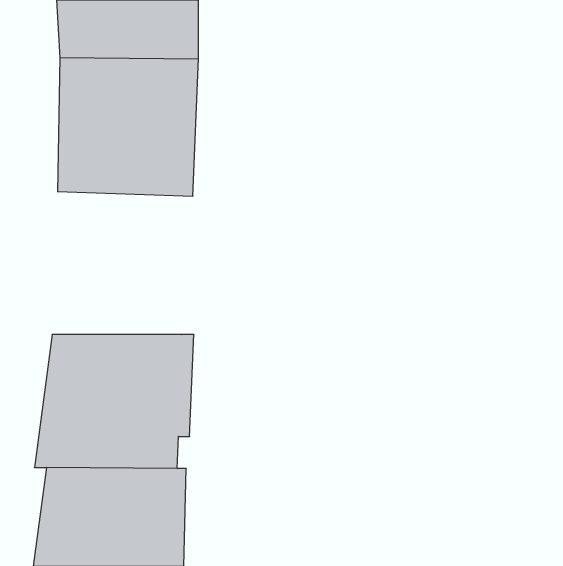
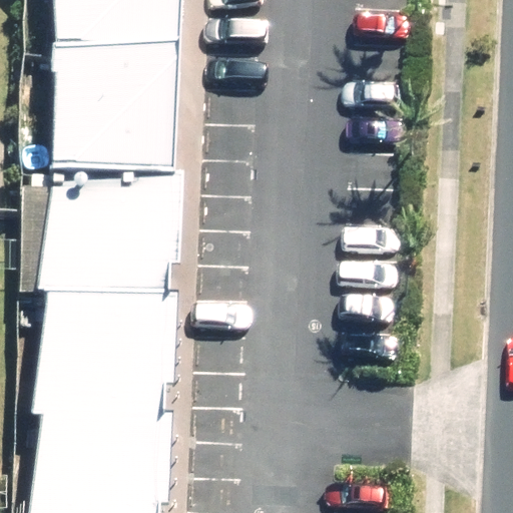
building: none -> [36,173,182,303]

